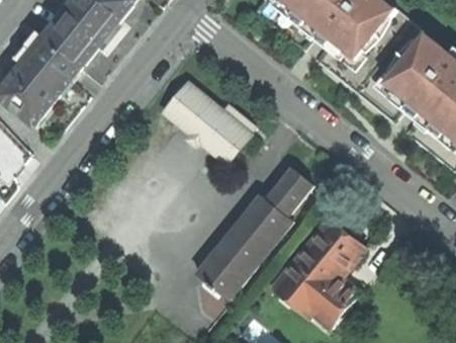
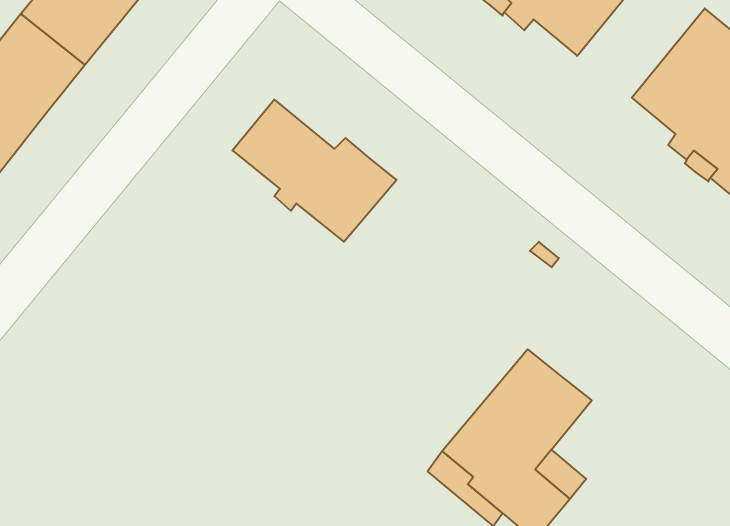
building: [195,168,310,298] -> none

